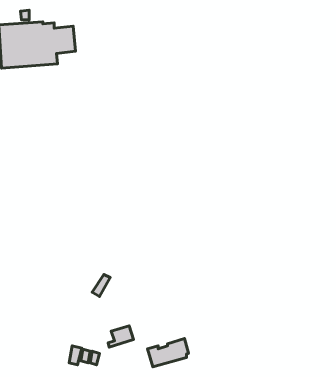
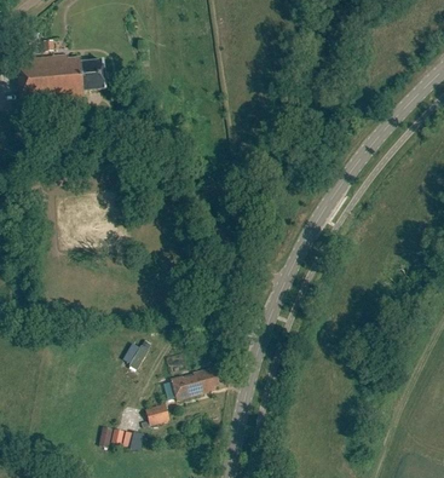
building: [148,338,189,367] -> [172,365,219,398]

